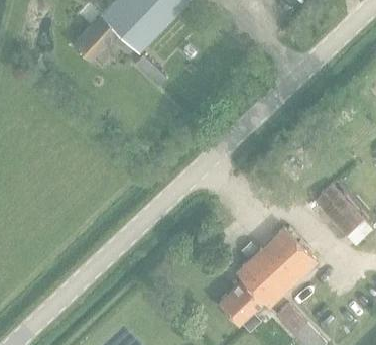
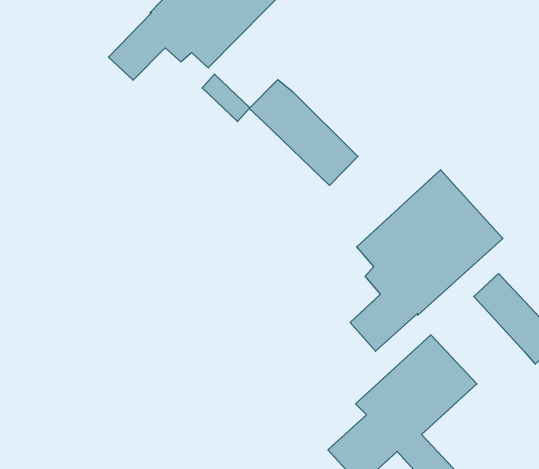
building: none -> [249,80,358,185]
building: none -> [350,170,503,351]

